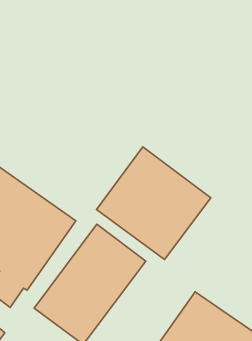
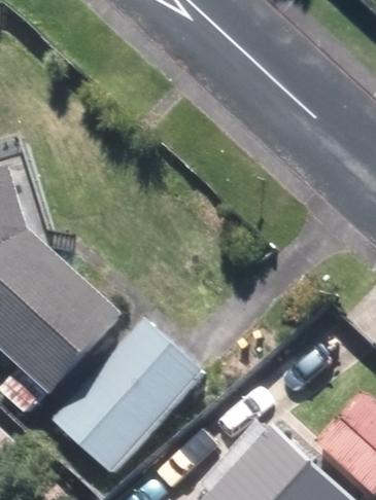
building: [96,147,211,259] -> none

